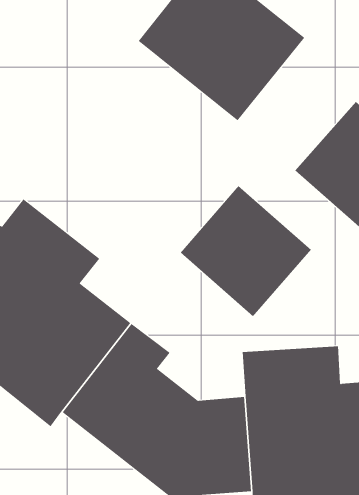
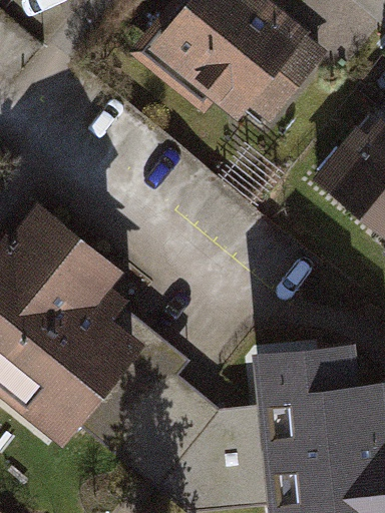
building: [180,185,312,317] -> none

